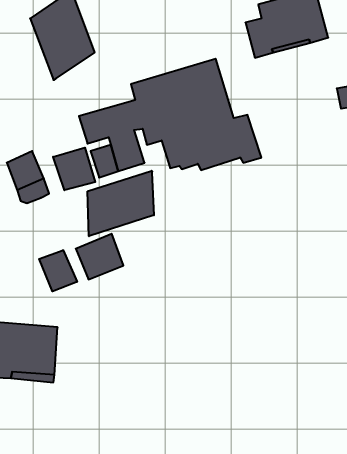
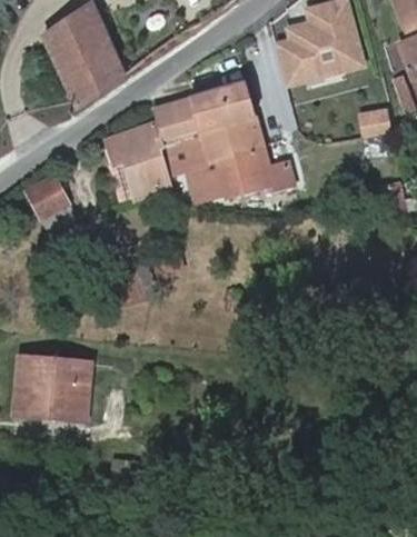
building: [53,148,95,190] -> none
building: [88,171,154,236] -> none
building: [39,250,77,291] -> none

